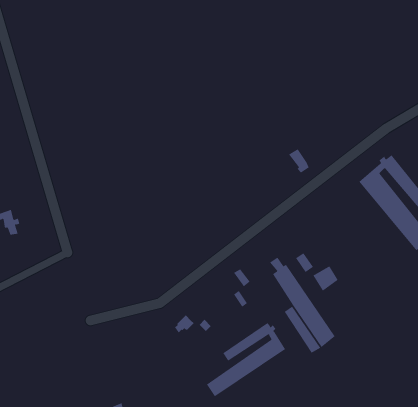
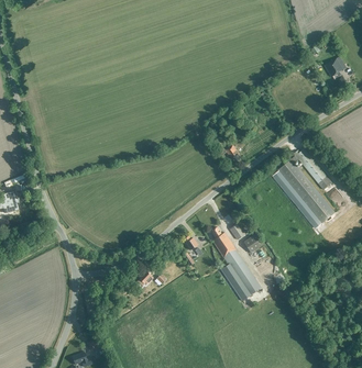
building: [206,322,286,397] -> none

